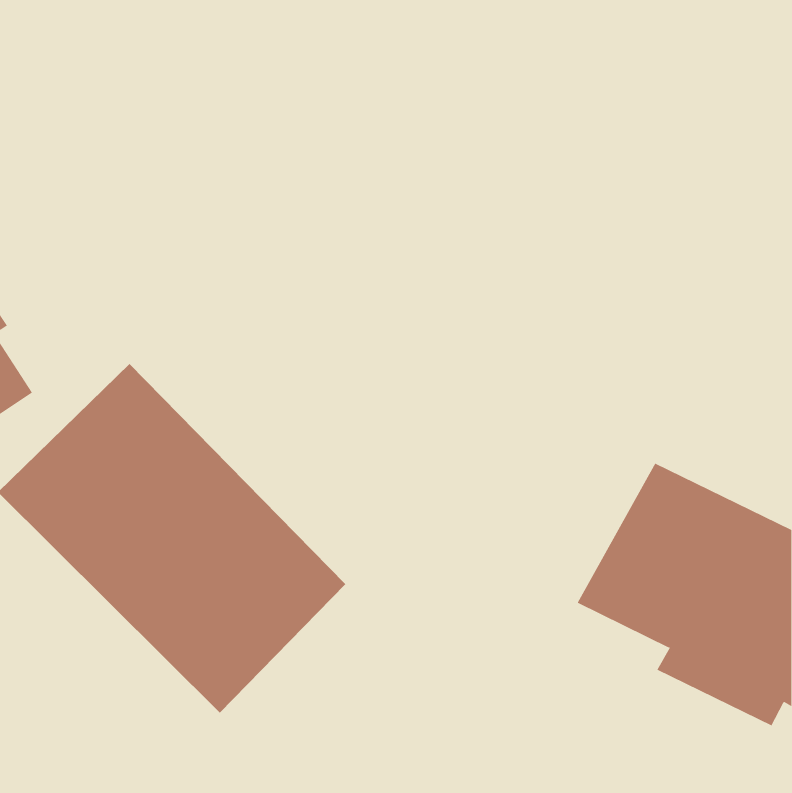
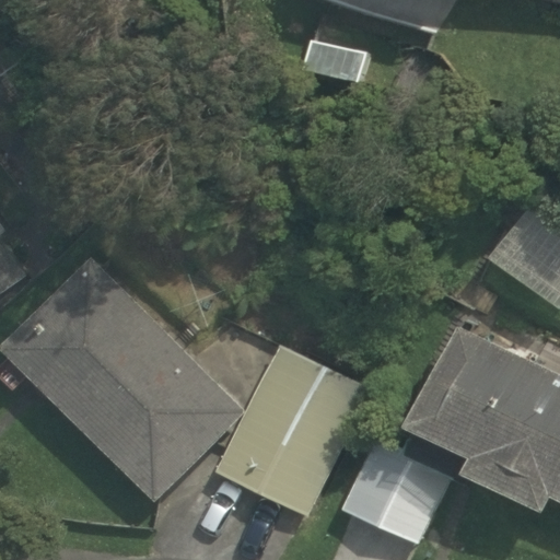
building: none -> [215,346,372,518]
building: none -> [341,442,453,548]

